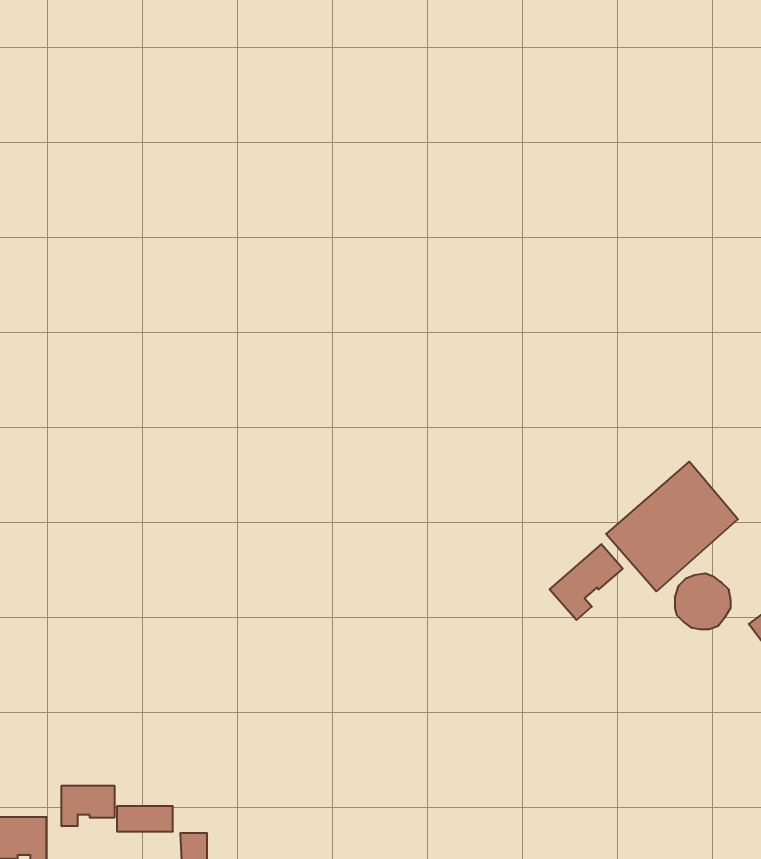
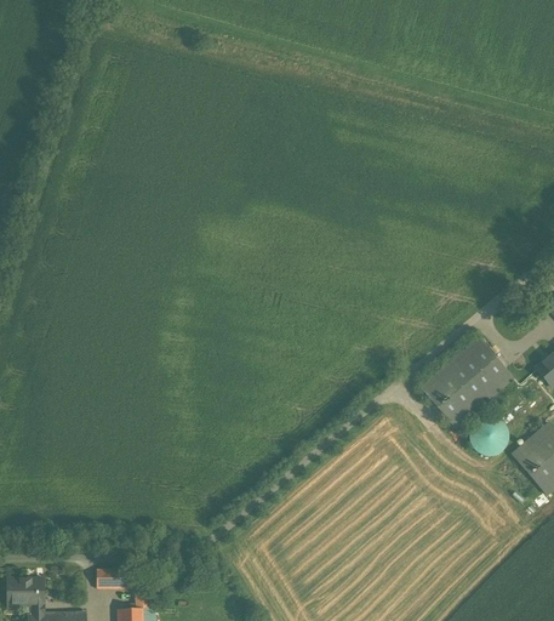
building: [550,544,623,620] -> none
building: [62,786,114,826] -> none

